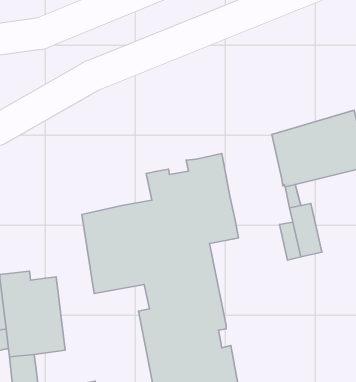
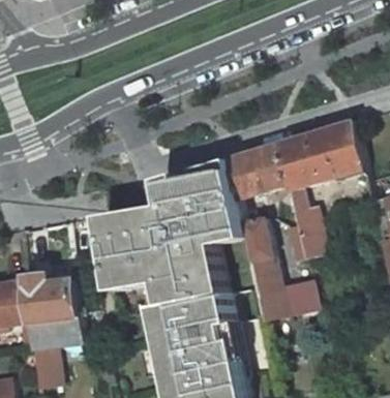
building: none -> [230,143,286,198]
building: none -> [242,218,318,320]

